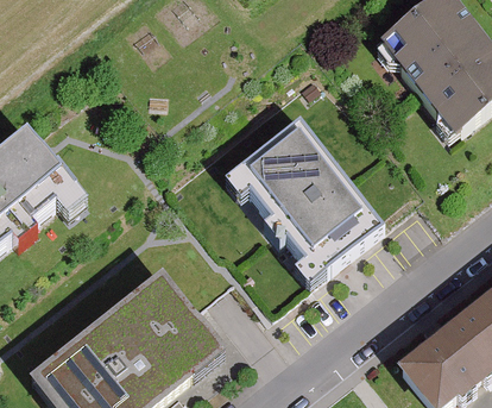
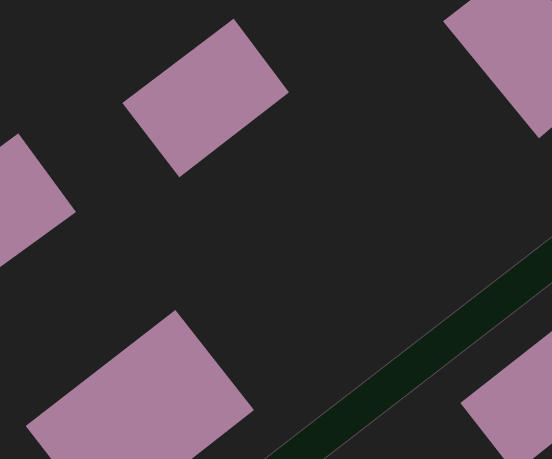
building: none -> [121,17,290,178]
building: [223,115,385,283] -> none

